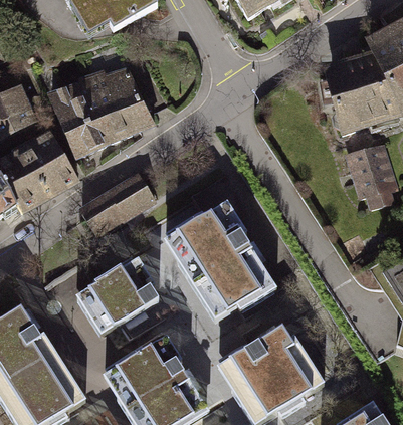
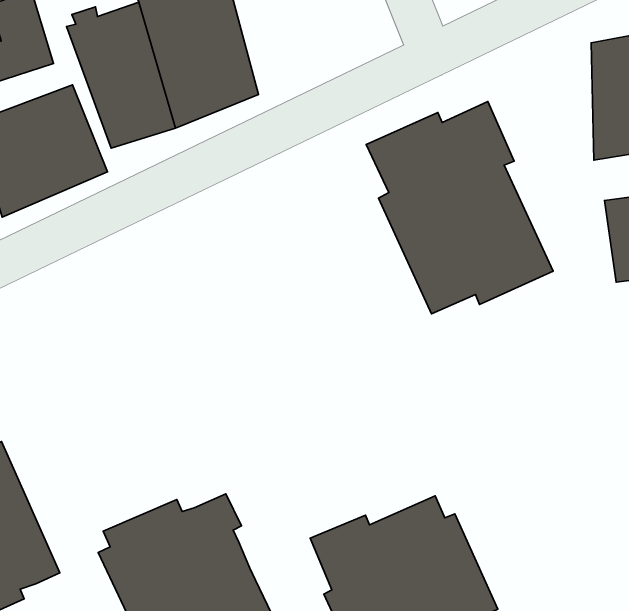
building: [79,174,152,230] -> none
building: [166,200,277,320] -> [366,102,553,314]
building: [75,260,160,343] -> none

